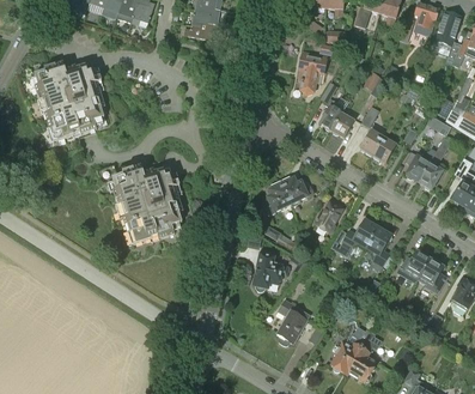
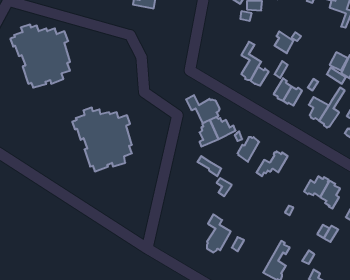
building: [298,53,327,93] -> none
building: none -> [186,95,219,123]
building: [366,225,391,269] -> none
building: [254,249,288,291] -> none
building: [330,327,370,374] -> none

